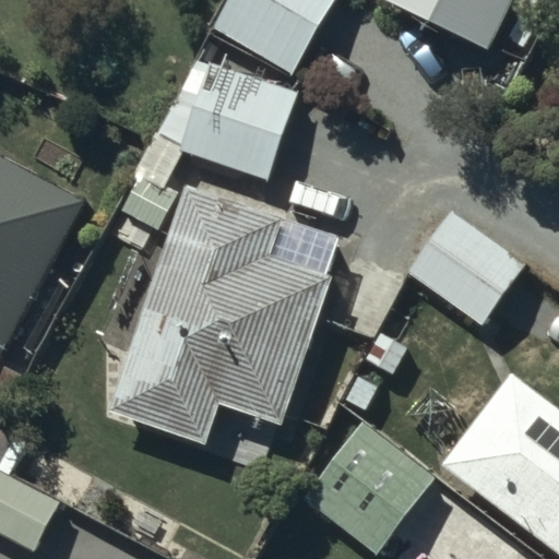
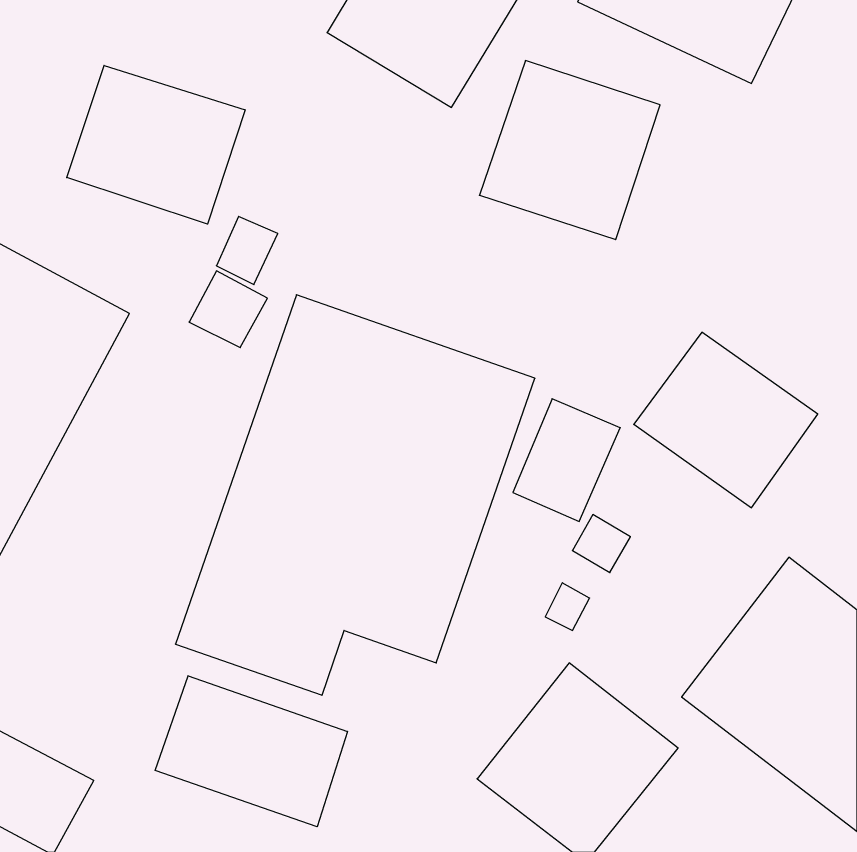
building: none -> [67,65,245,224]
building: [180,63,296,178] -> [479,61,660,240]
building: none -> [155,676,347,827]

